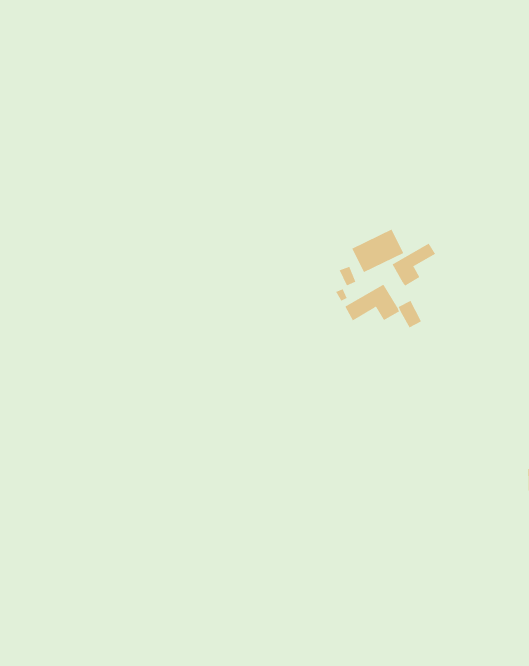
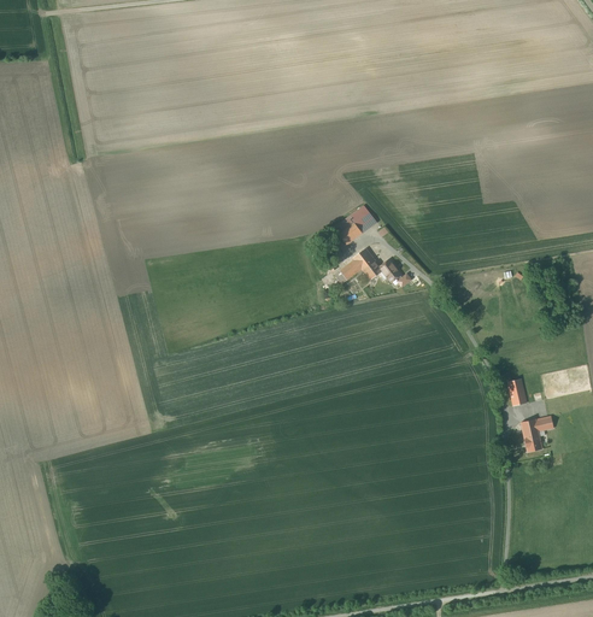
building: [392,243,436,287] -> none

